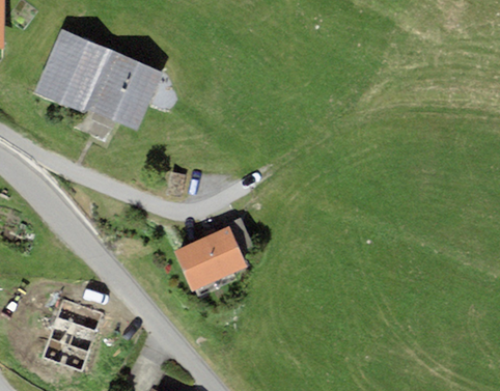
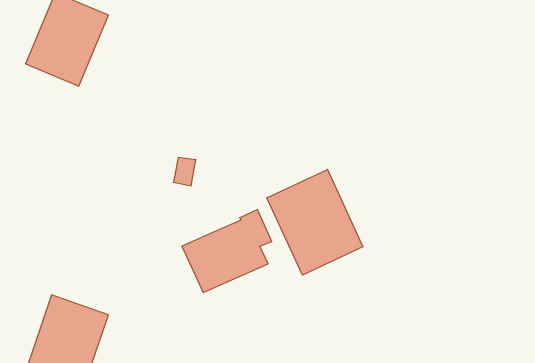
building: [88,51,163,131] -> none
building: none -> [267,169,363,275]

